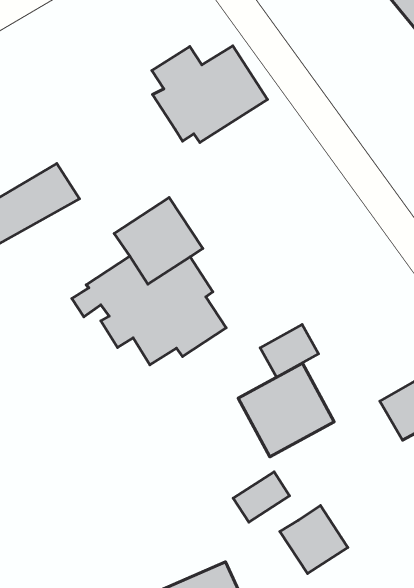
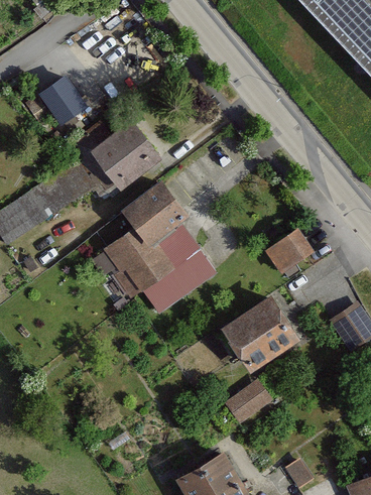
building: [152,46,267,142] -> [73,119,161,194]
building: none -> [40,79,87,125]
building: [260,324,319,377] -> [268,229,313,270]
building: [280,505,348,574] -> none

